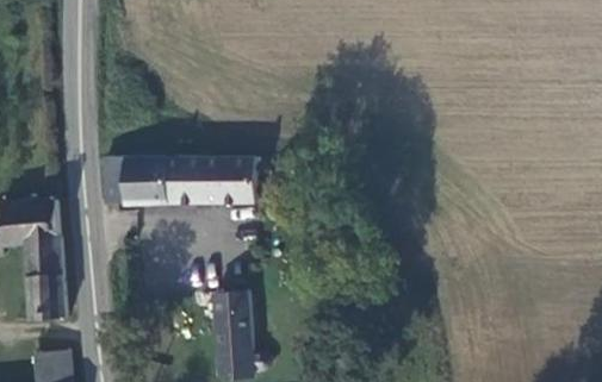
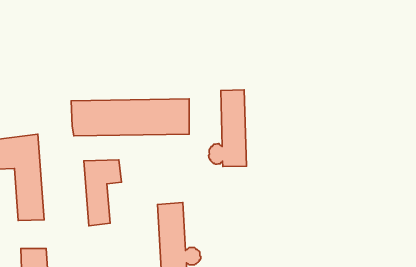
building: none -> [209,90,246,167]
building: none -> [84,160,122,226]

